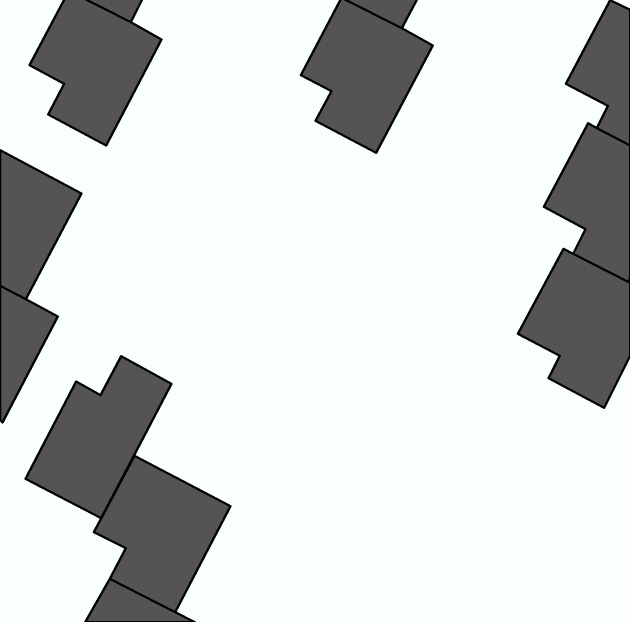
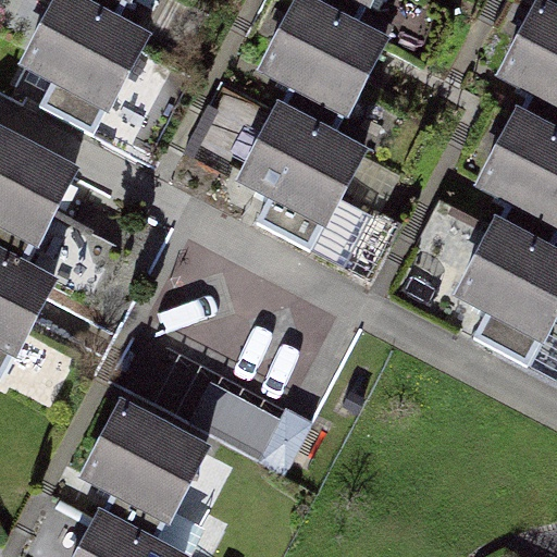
building: none -> [243,107,360,244]
building: [26,356,172,518] -> none

